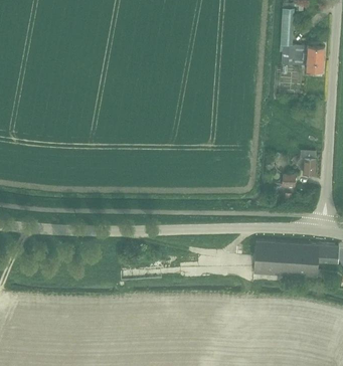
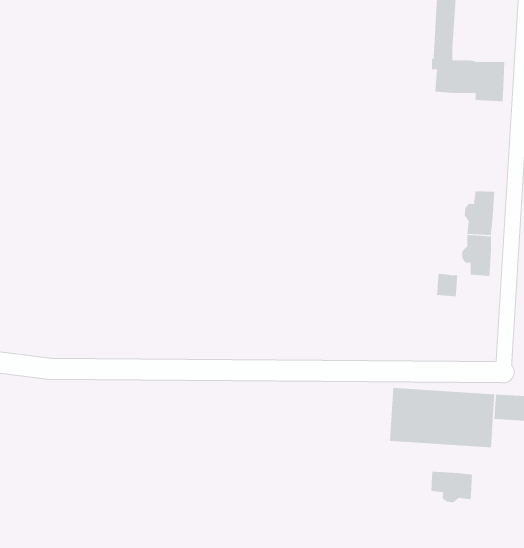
building: none -> [464,190,495,236]
building: none -> [431,471,473,503]

